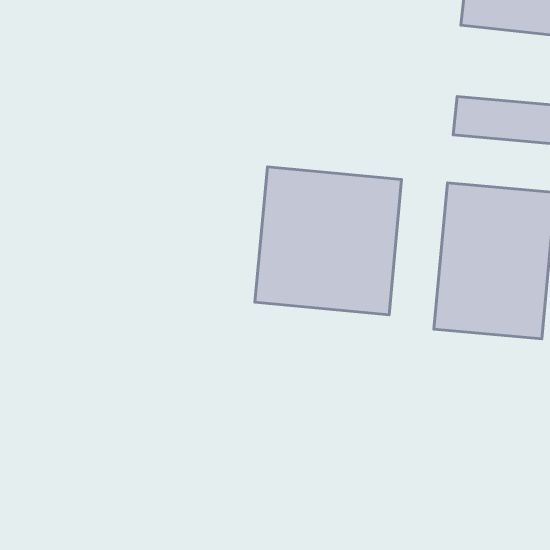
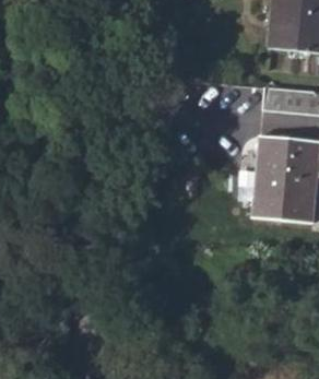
building: [255,167,402,315] -> none

